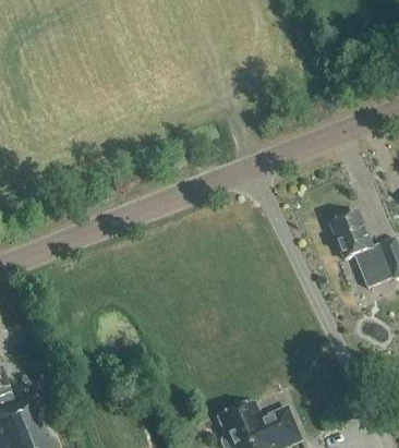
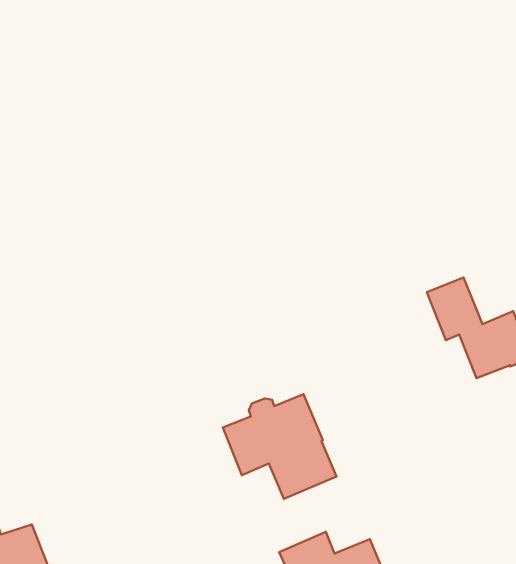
building: none -> [223,394,336,499]

